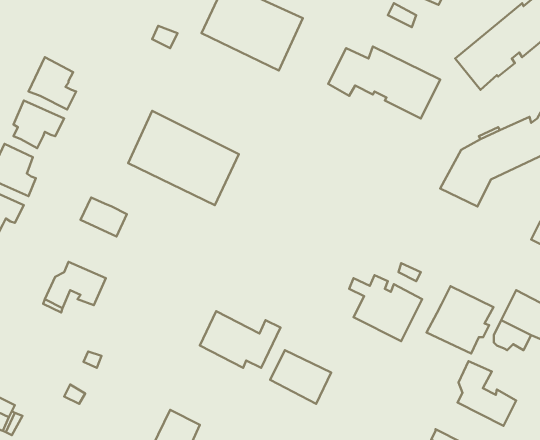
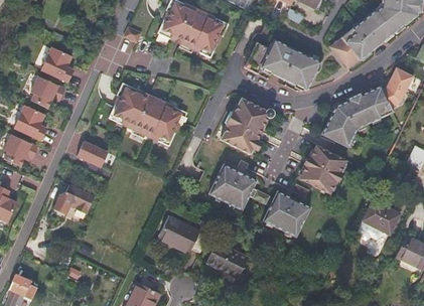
building: none -> [220,100,272,155]
building: none -> [208,167,262,211]
building: [426,286,494,353] -> [299,148,344,193]
building: [457,361,516,426] -> none

